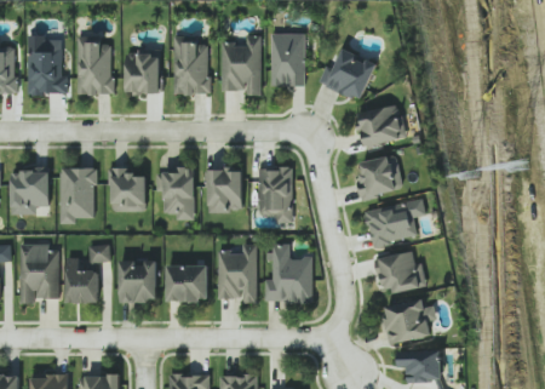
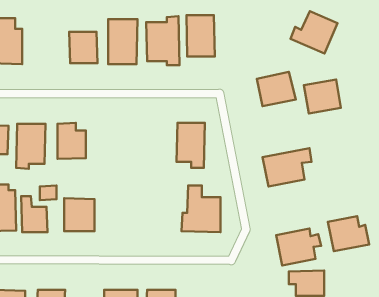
building: [76,36,113,95] -> none
building: [319,48,377,101] -> [290,11,337,53]
building: [356,155,402,198] -> [304,79,341,114]
building: [156,170,194,219] -> none
building: [208,170,242,212] -> none
building: [217,244,257,302] -> none
building: [375,251,426,294] -> [328,216,369,251]
building: [166,265,207,302] -> none

